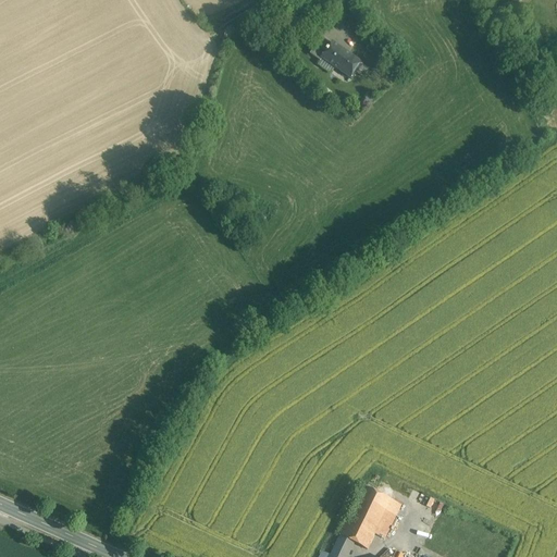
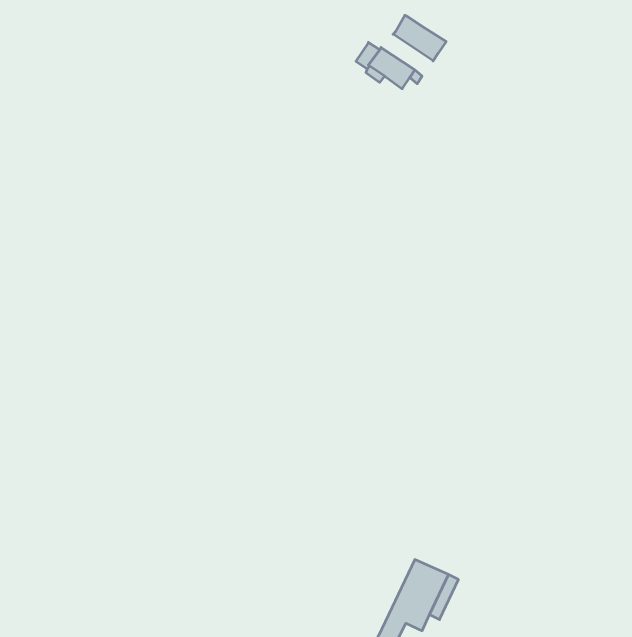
building: none -> [393,15,446,61]

